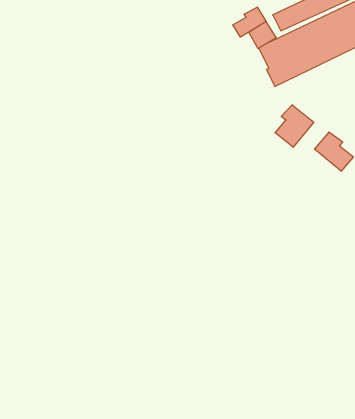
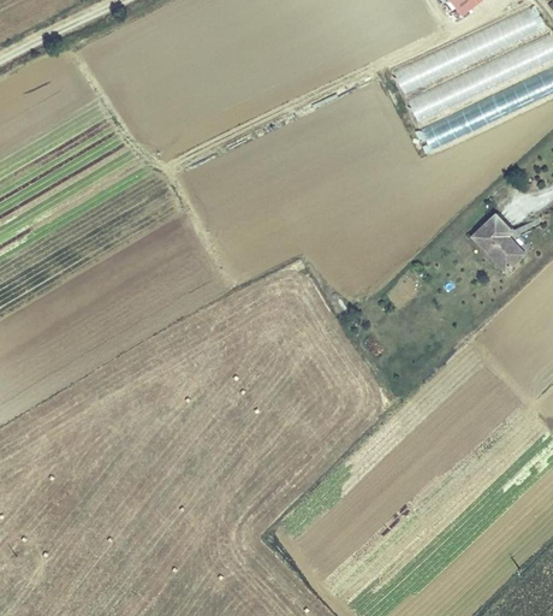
building: [233,7,266,37] -> none
building: [275,105,314,147] -> none

